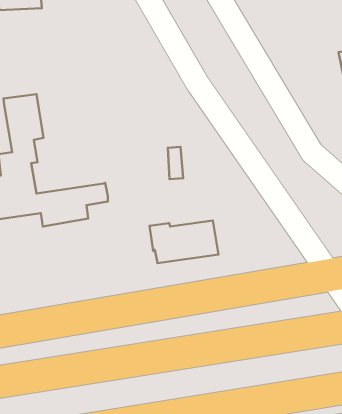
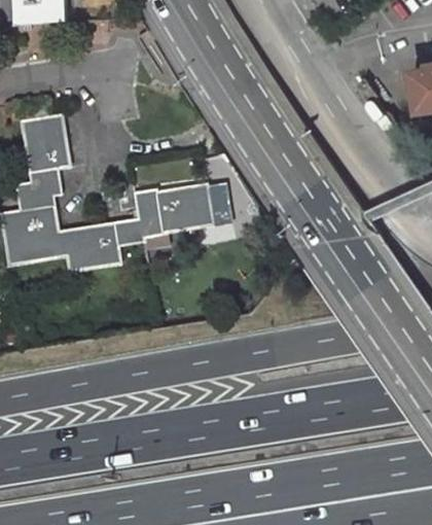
building: [150,220,218,263] -> [134,186,213,236]

